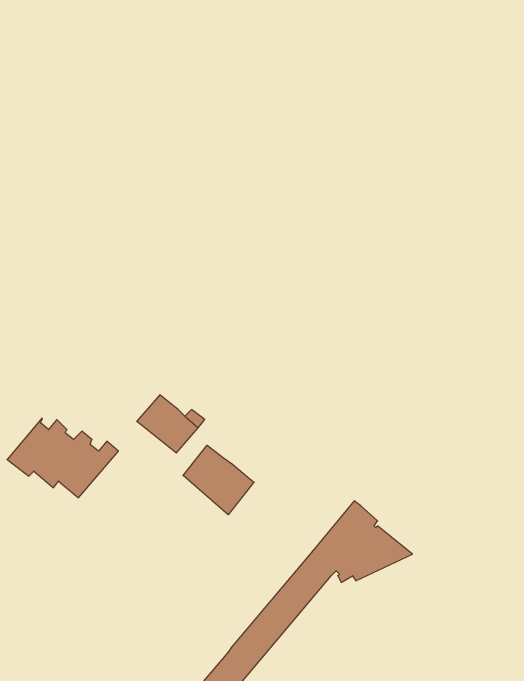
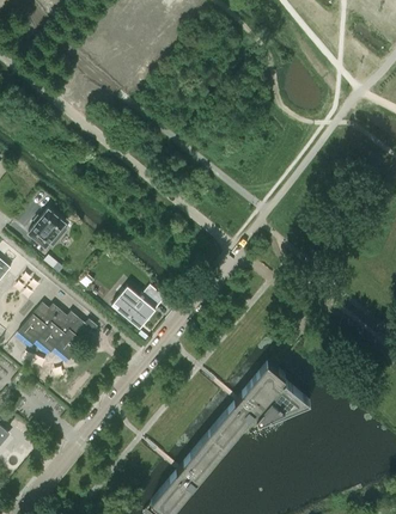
building: none -> [28,208,66,247]
building: [183,445,254,515] -> none

